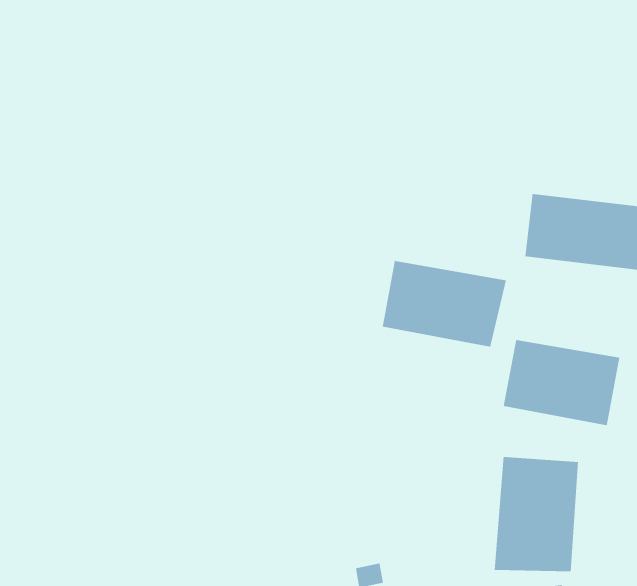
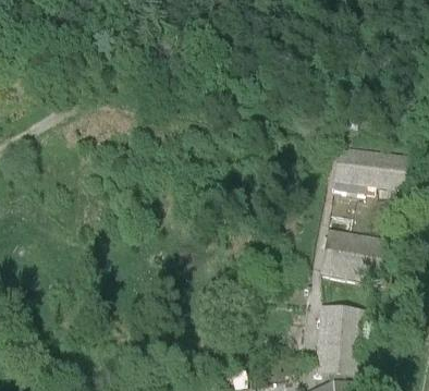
building: [382,260,507,348] -> none

